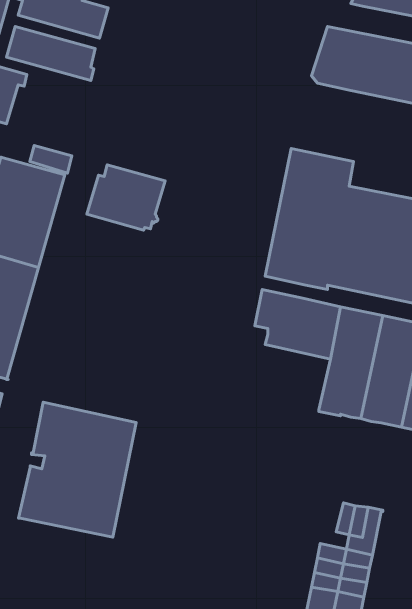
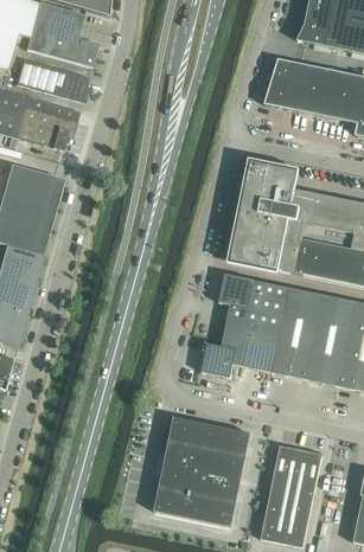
building: [87,165,165,230] -> [17,97,81,150]
building: none -> [202,317,281,377]
building: [19,402,136,537] -> [154,416,250,526]
building: none -> [273,444,296,484]

